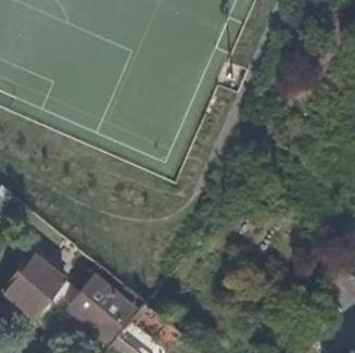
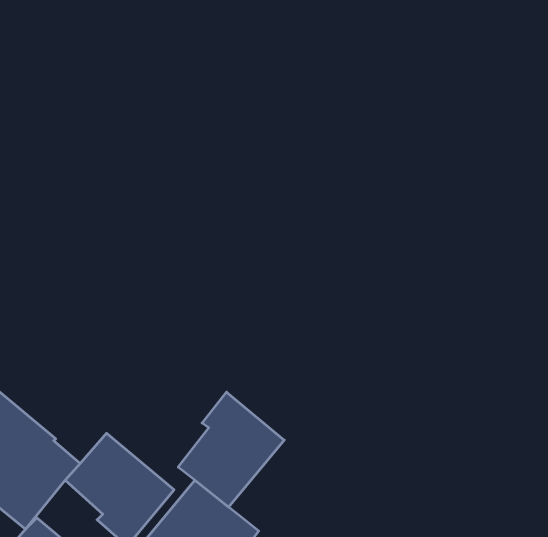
building: none -> [178,392,284,507]

